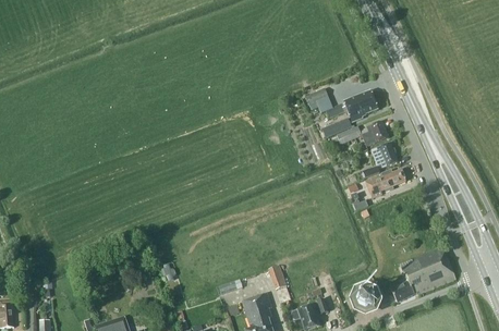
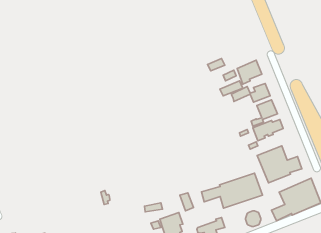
building: none -> [257,146,302,183]
building: none -> [201,173,263,208]

